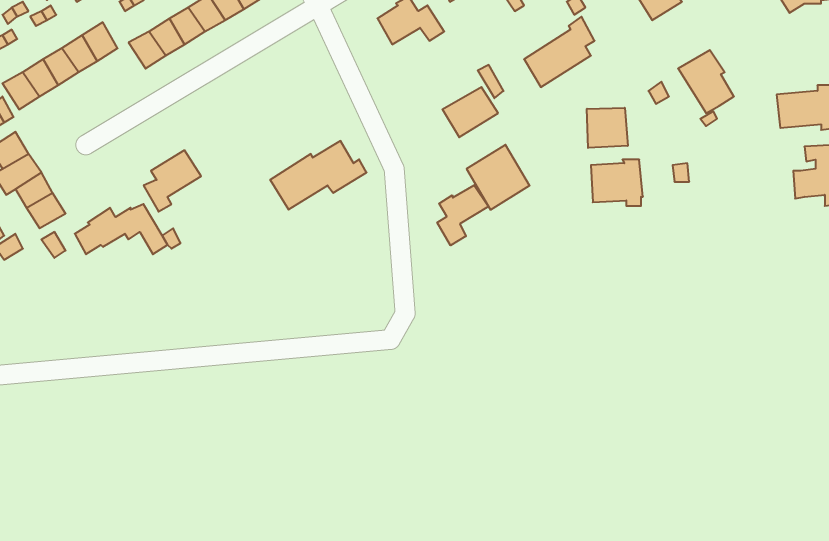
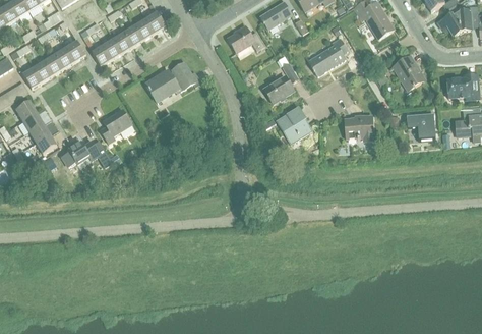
building: [587,108,628,148] -> none
building: [270,141,367,210] -> [144,62,197,100]
building: none -> [406,114,434,140]
building: [437,185,488,245] -> none

